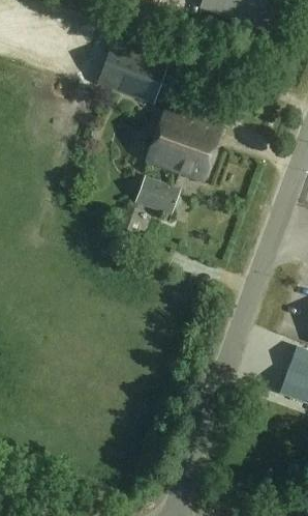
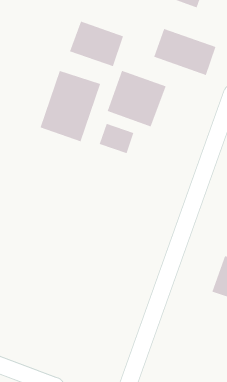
building: none -> [153,28,216,76]
building: none -> [40,70,101,142]

